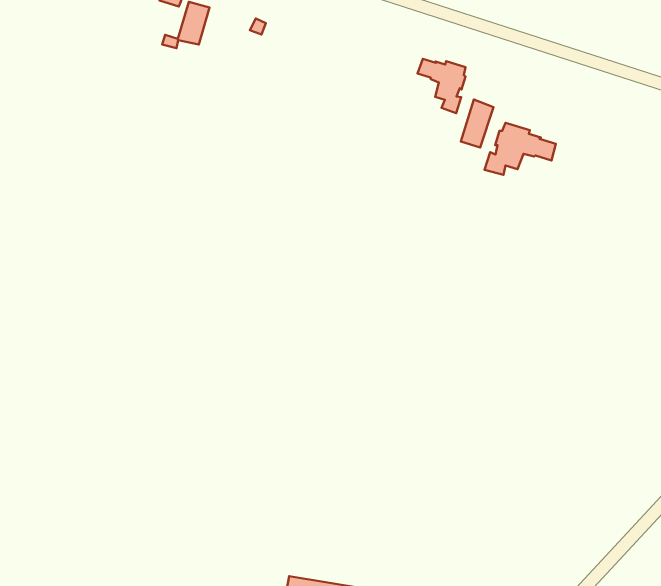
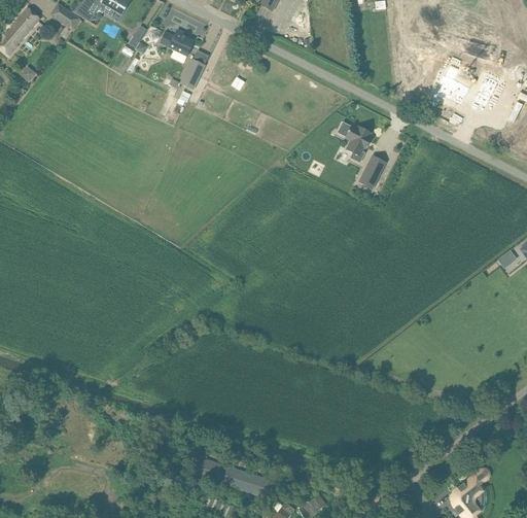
building: [485,123,556,175] -> none

